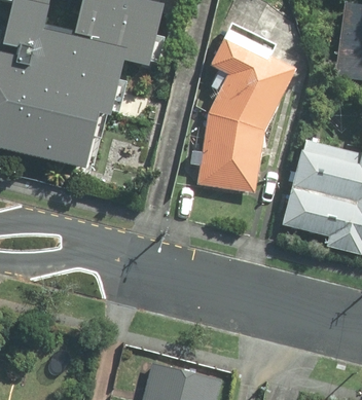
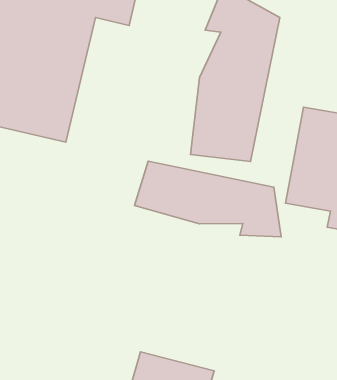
building: none -> [134,161,281,237]

